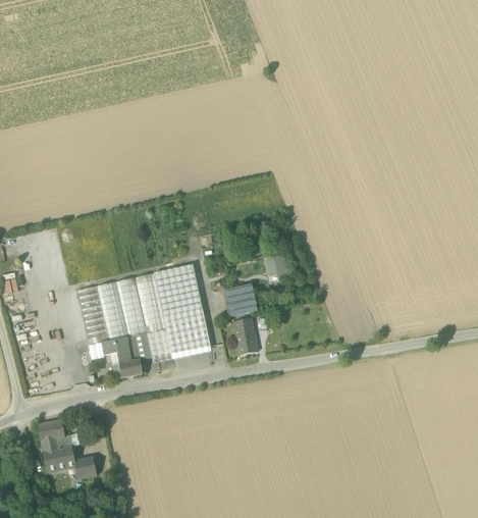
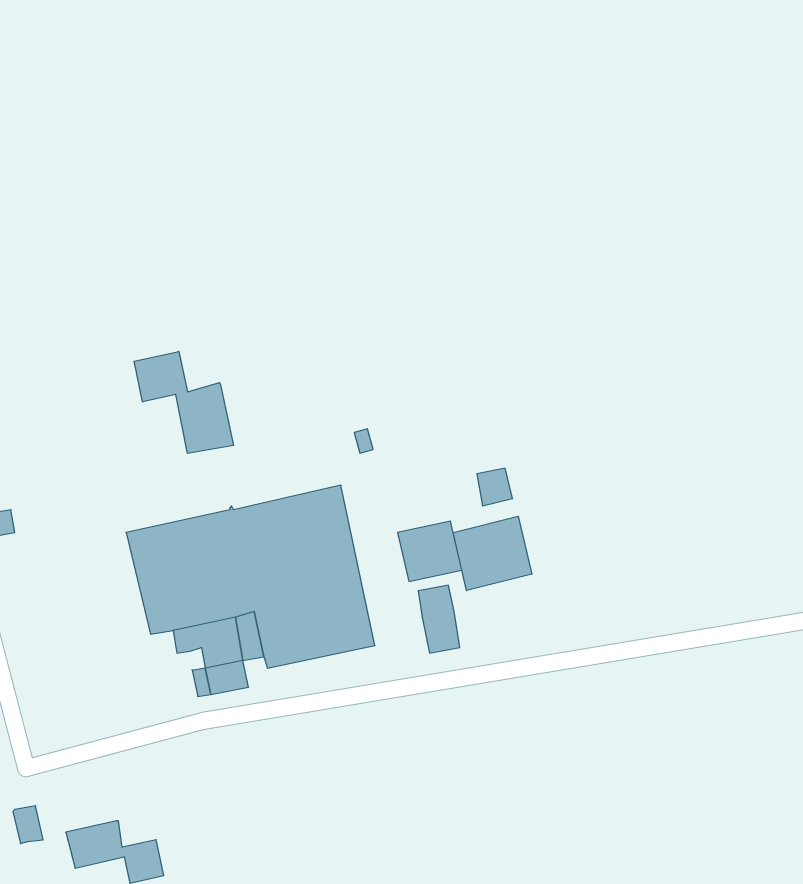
building: none -> [134,351,233,453]
building: none -> [453,516,532,591]
building: [39,419,71,452] -> none

